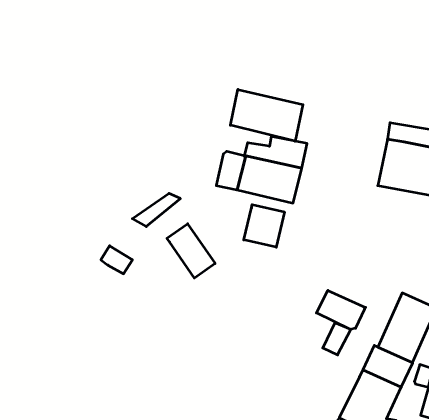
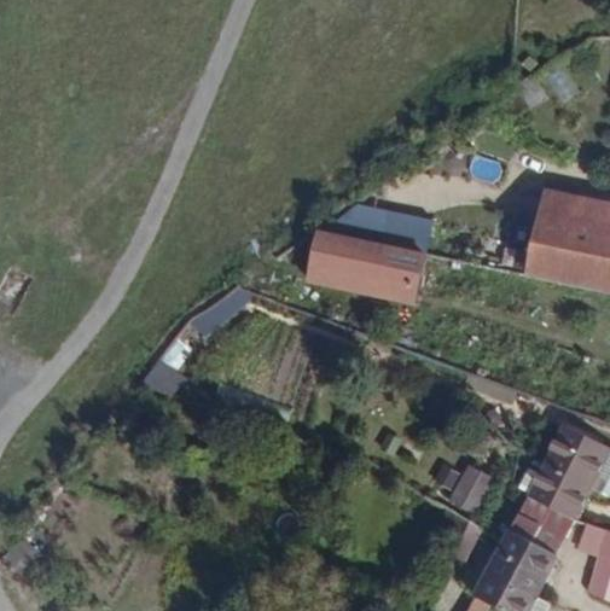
building: [230,89,303,141] -> none
building: [244,205,284,247] -> none
building: [167,224,215,278] -> none
building: [316,290,366,330] -> none

